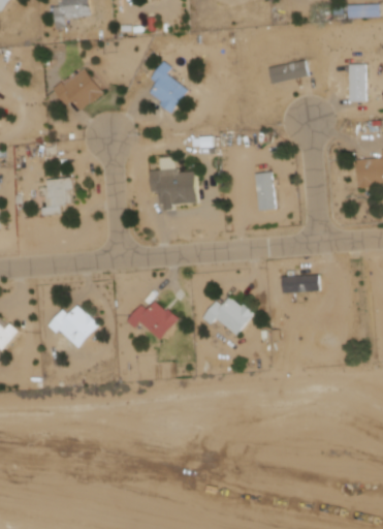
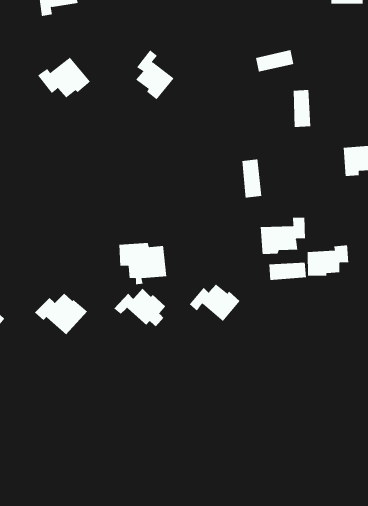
building: [347,64,365,102] -> [293,89,311,128]
building: [148,168,196,211] -> [119,243,167,285]
building: [40,178,73,215] -> none
building: none -> [260,217,305,255]
building: none -> [307,244,349,277]

